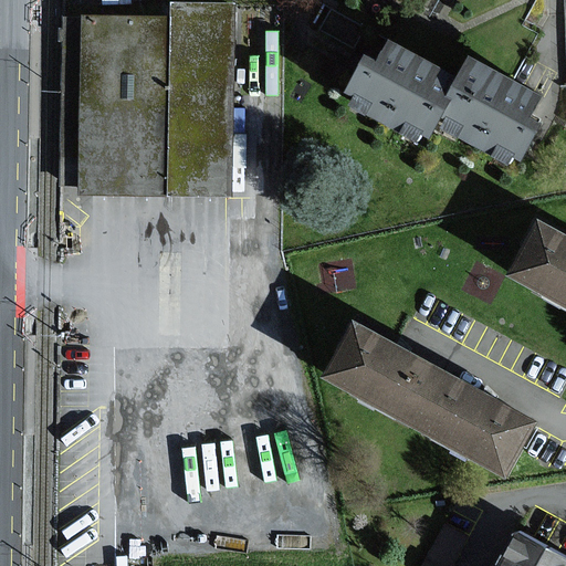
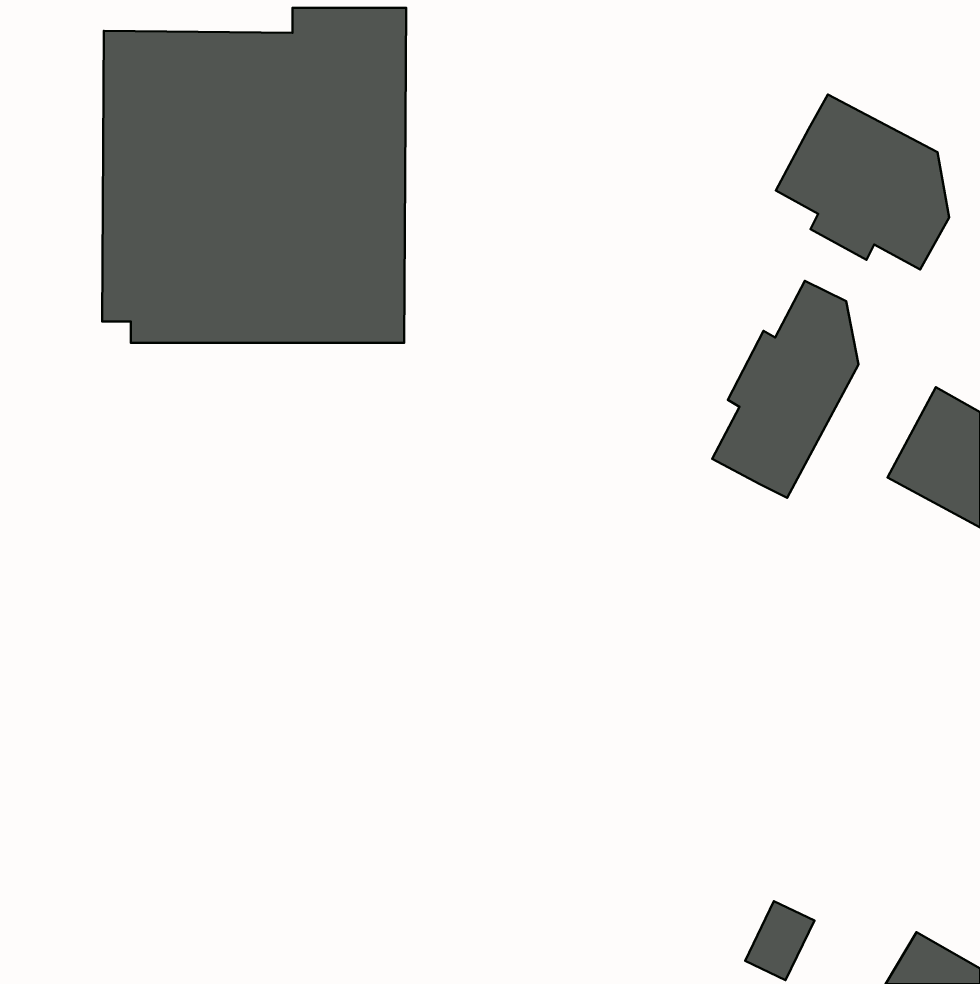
building: [352,36,464,130] -> none
building: none -> [712,281,859,498]
building: [322,323,535,478] -> none

